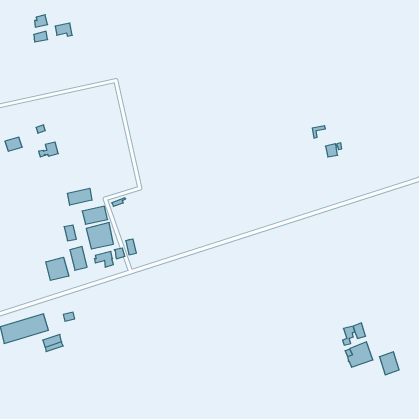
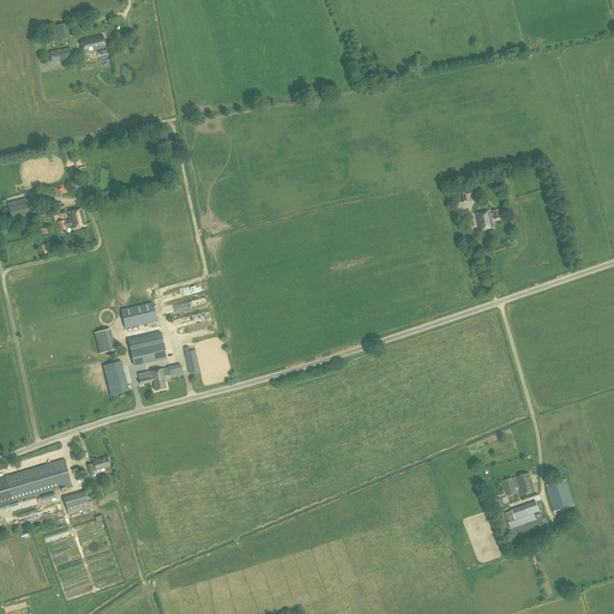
building: [68,188,92,205] -> none
building: [46,257,69,280] -> none
building: [379,352,399,375] -> [544,477,573,511]

